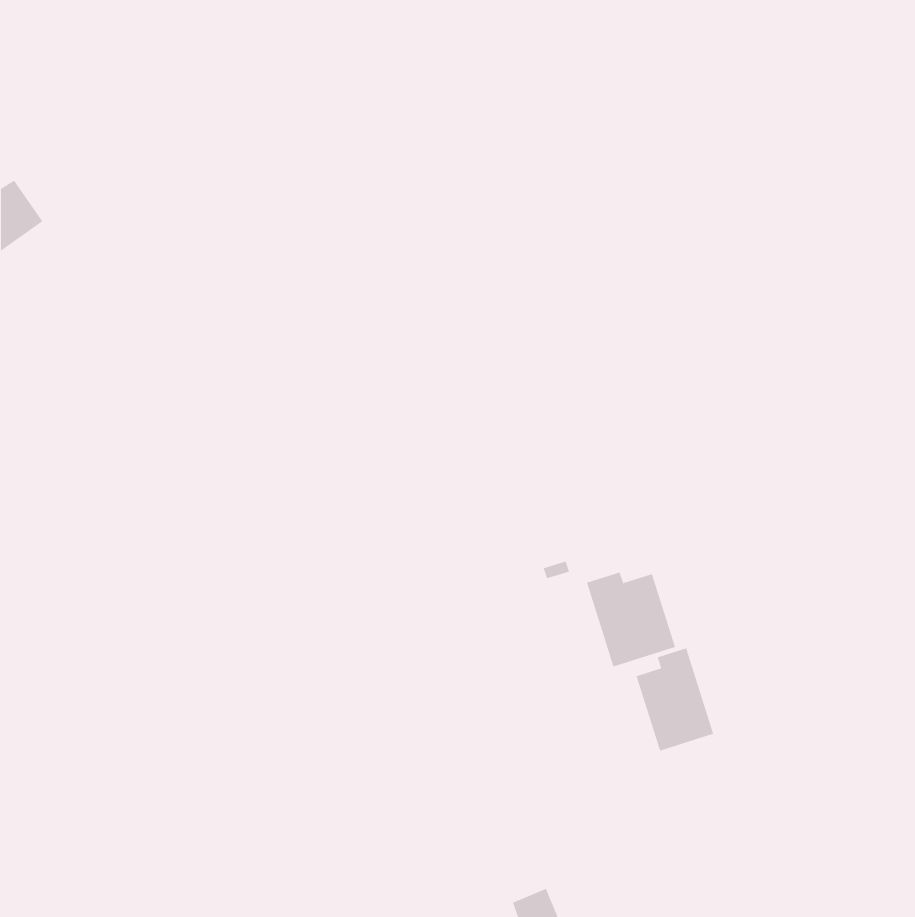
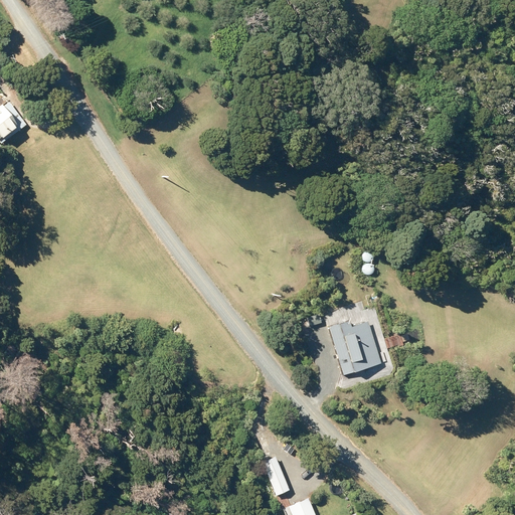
building: [636,647,714,751] -> none
building: none -> [261,457,288,495]

